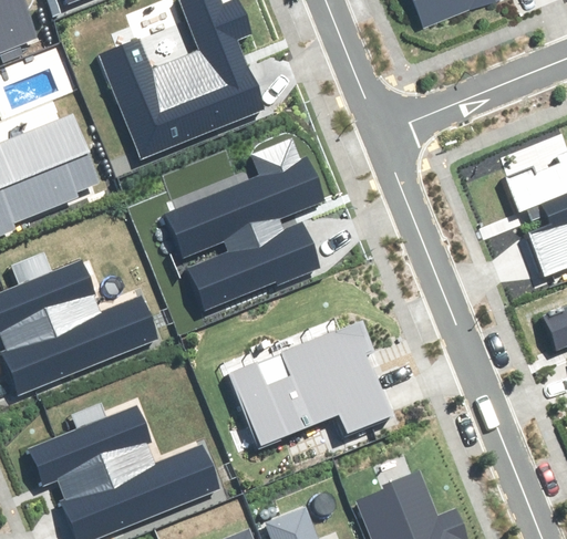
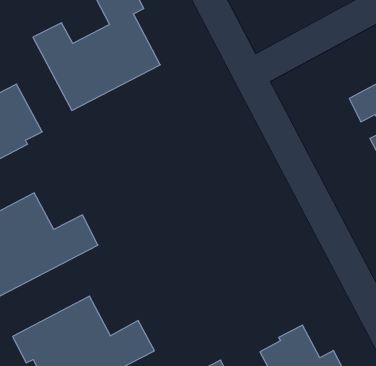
building: [166,141,323,310] -> none
building: [228,321,389,446] -> none

